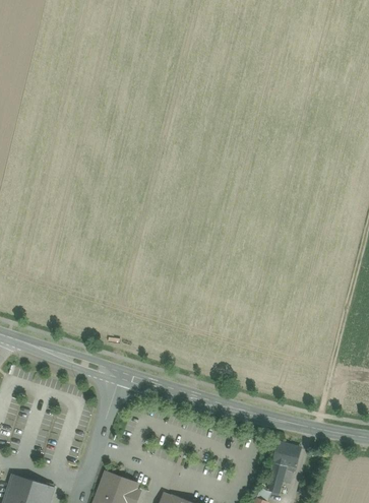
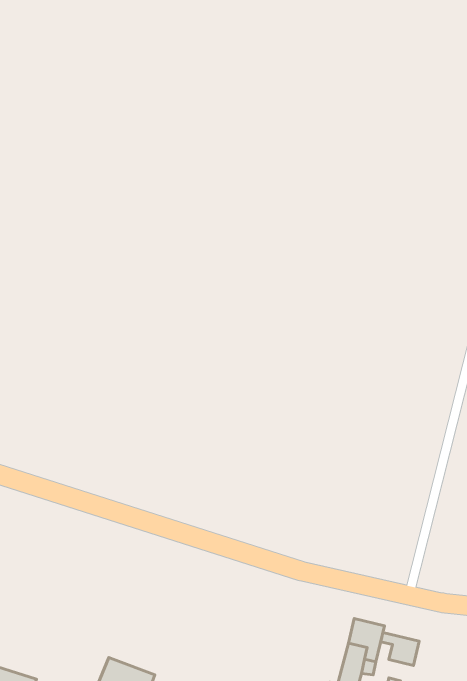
building: none -> [381,633,419,665]

